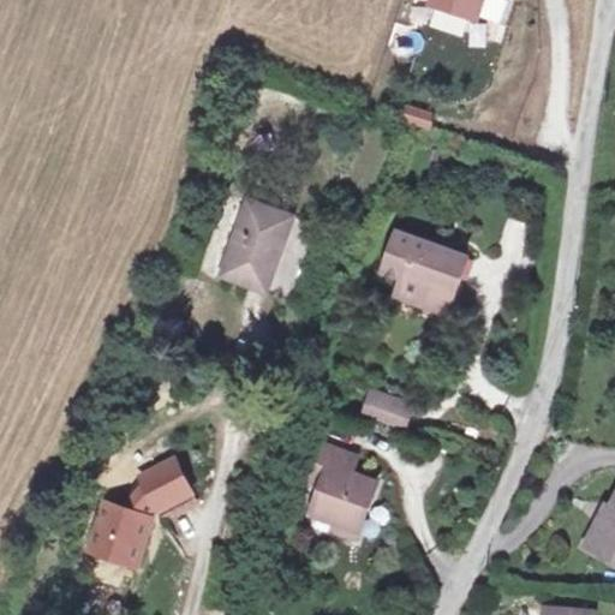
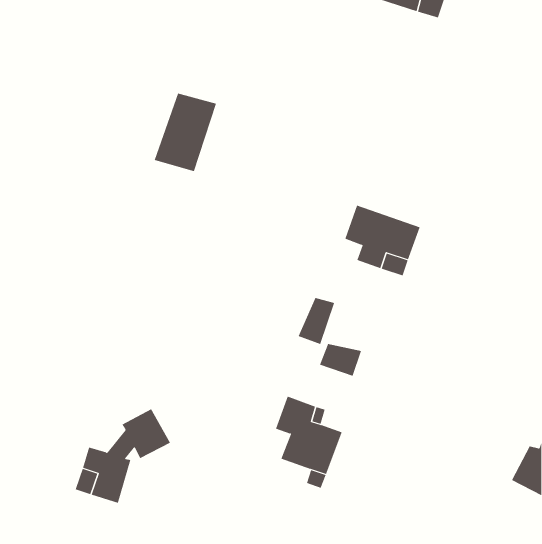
building: [220,202,291,291] -> [154,93,217,172]
building: none -> [298,297,335,345]

